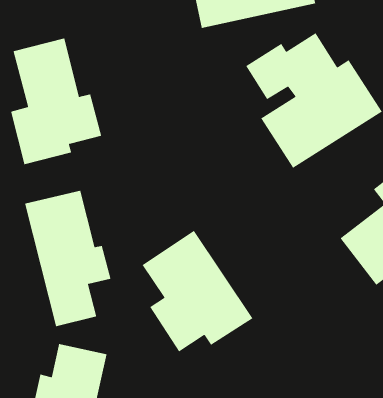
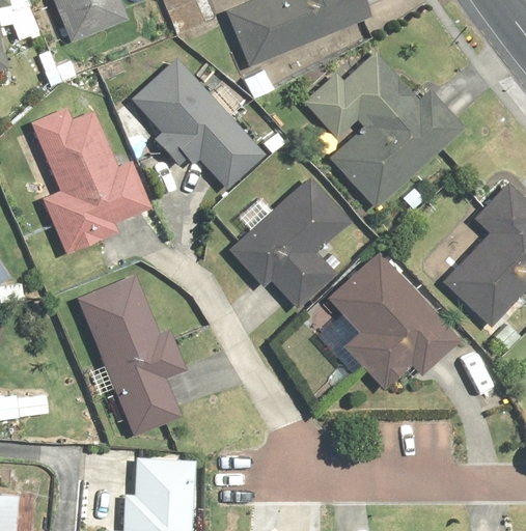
building: none -> [133,55,267,189]
building: none -> [225,175,351,311]
building: [141,230,253,353] -> [326,250,464,393]

